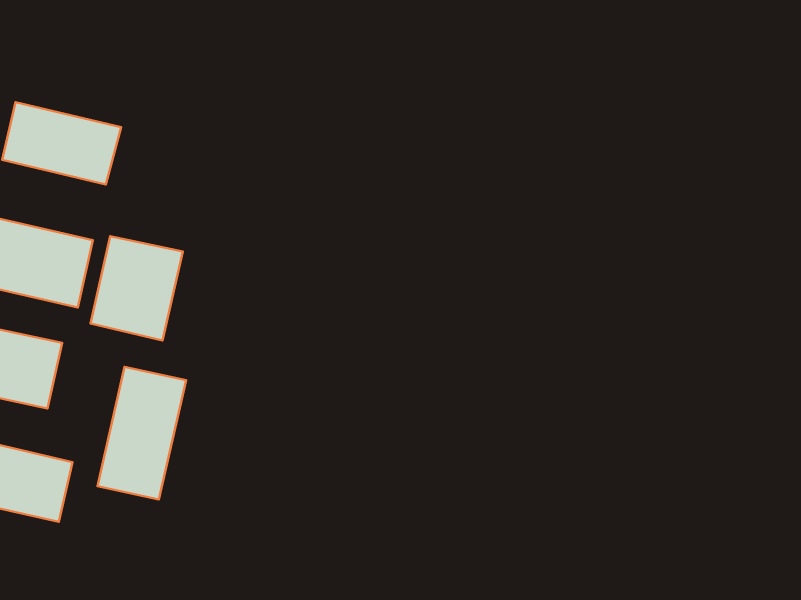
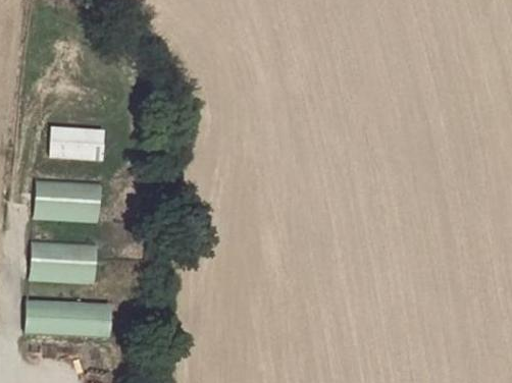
building: [90,236,183,340] -> none
building: [97,367,186,500] -> none

